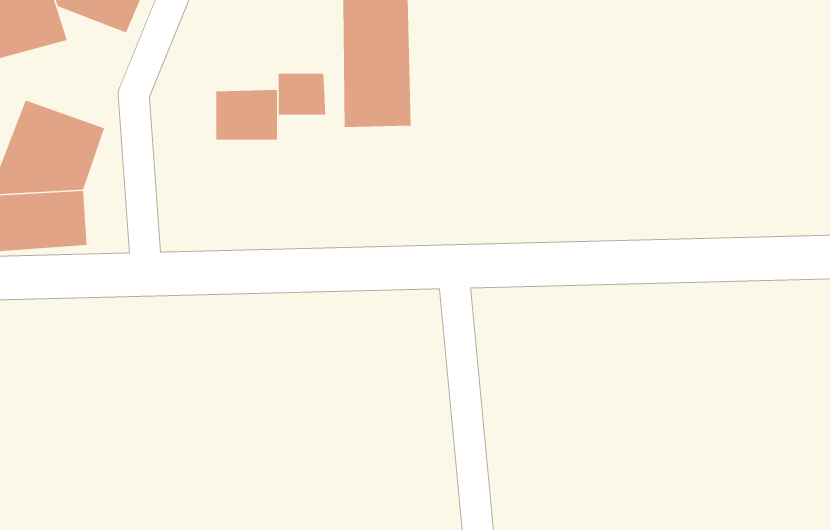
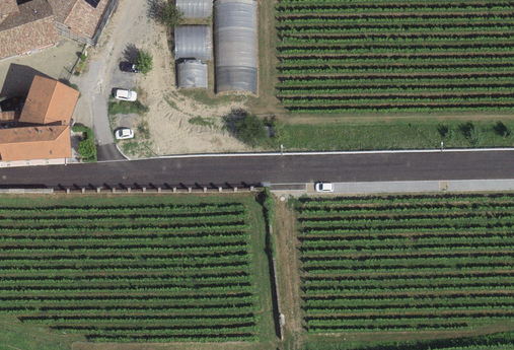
building: [216,89,278,141] -> [173,24,209,54]

